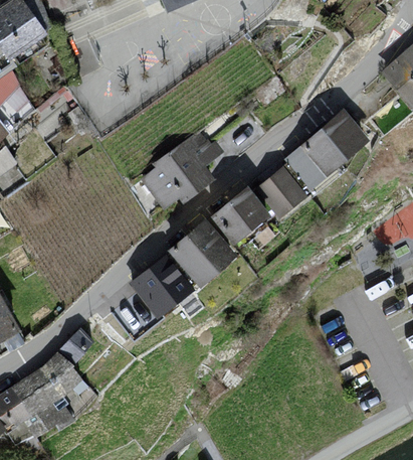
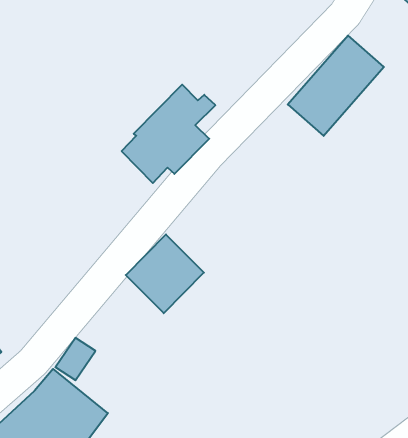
building: [257,167,307,217] -> none
building: [210,188,269,245] -> none
building: [168,219,237,288] -> none

